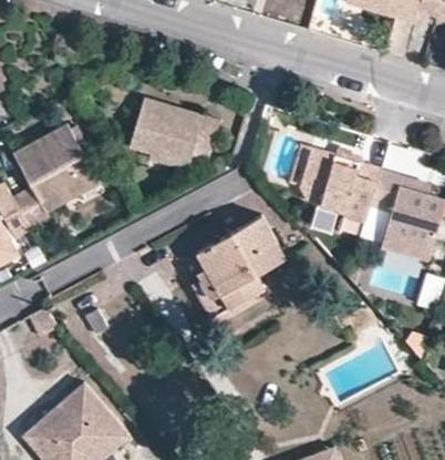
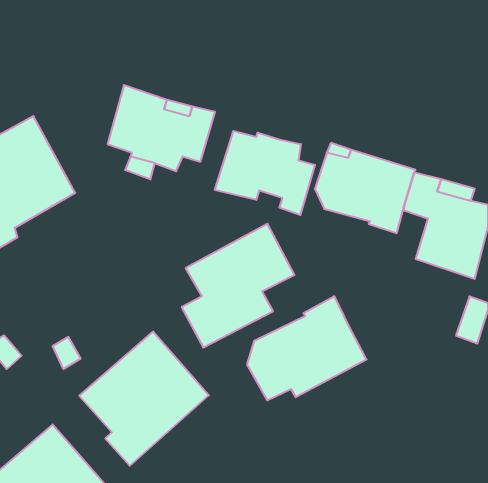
building: none -> [215,131,315,215]
building: none -> [247,296,367,400]
building: none -> [79,332,209,466]

